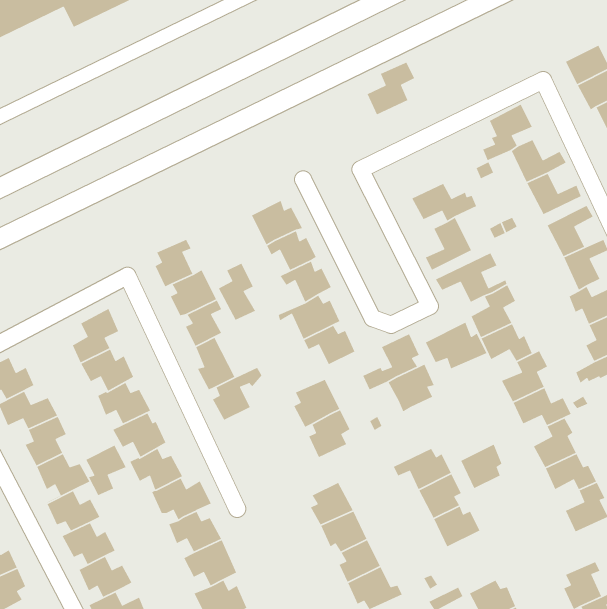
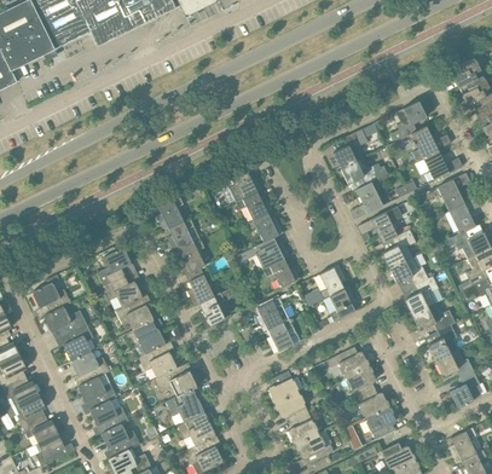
building: [366,62,415,116] -> [332,129,367,168]
building: [218,262,256,321] -> none
building: [425,321,488,370] -> none
building: [460,444,502,489] -> [365,406,395,439]
building: [85,445,127,496] -> none

